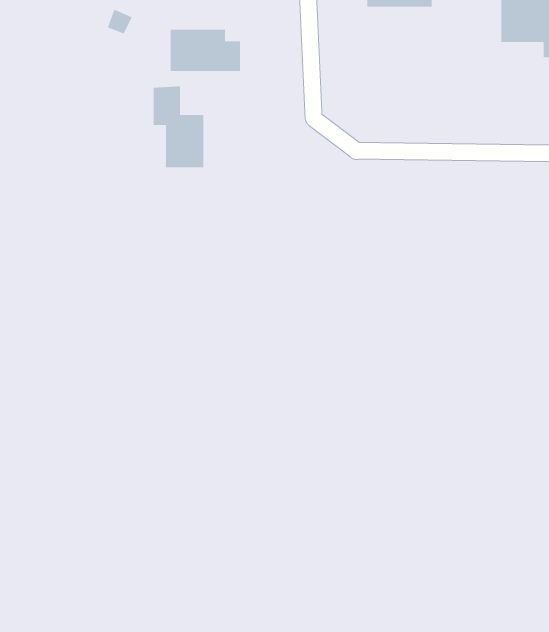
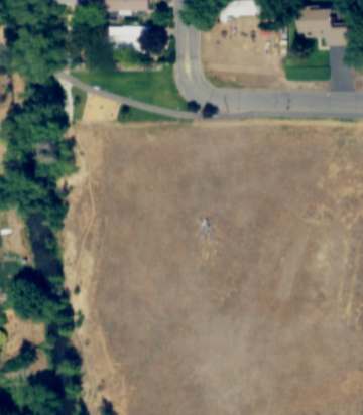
building: [153,86,204,168] -> none

